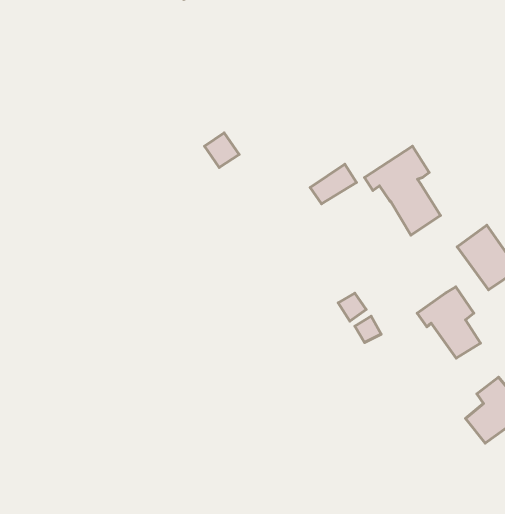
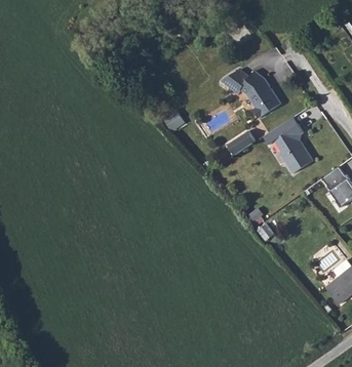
building: none -> [221,69,281,116]
building: [417,287,480,358] -> none

